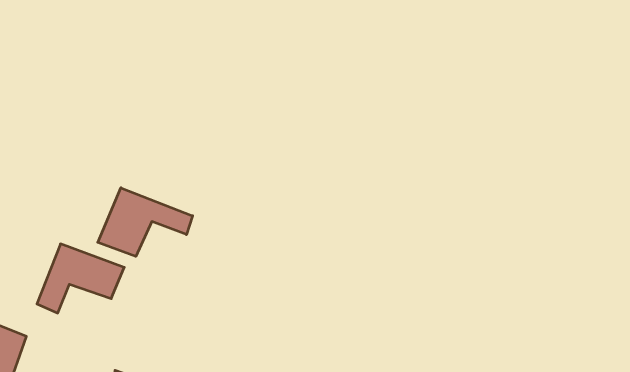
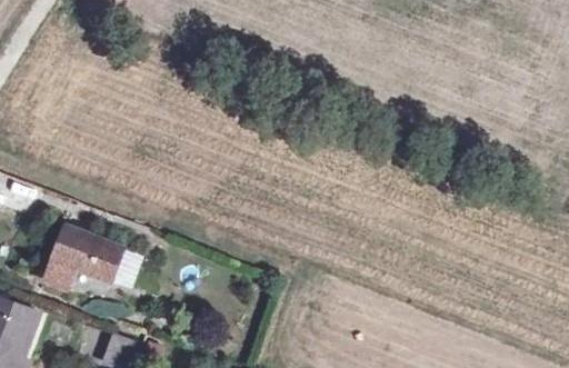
building: [98,188,193,256] -> none

